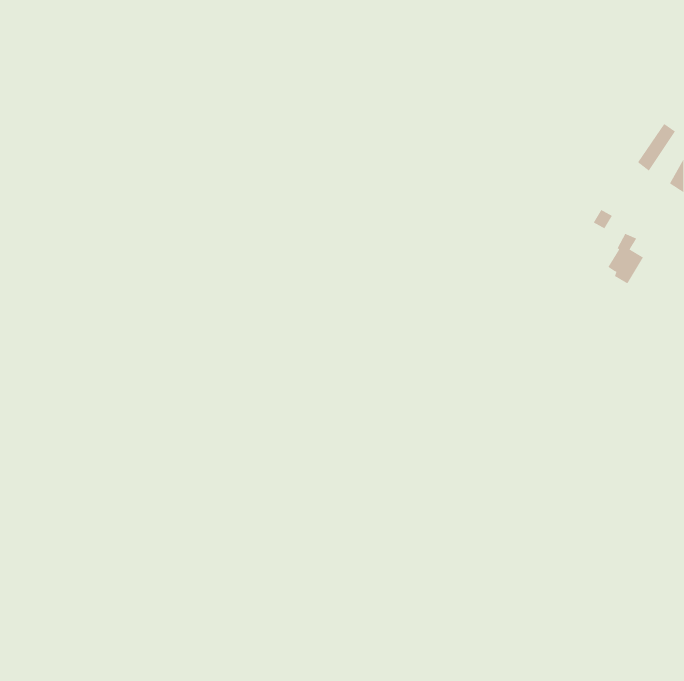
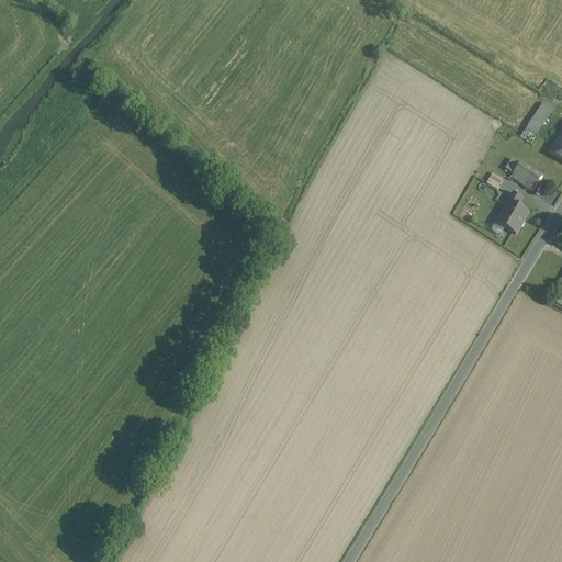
building: none -> [509,160,541,189]

